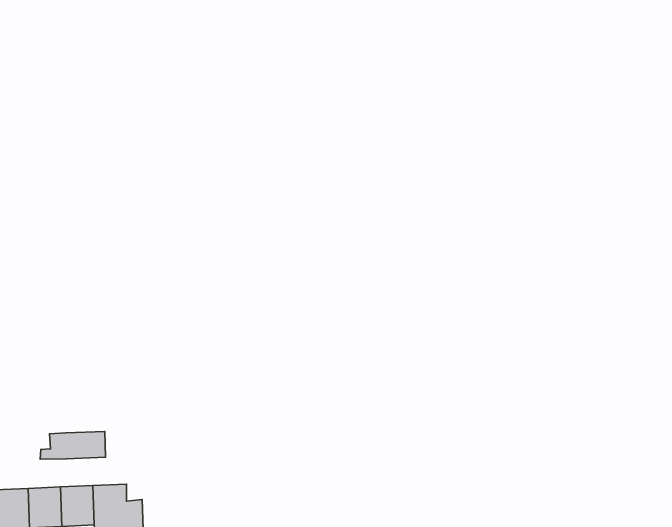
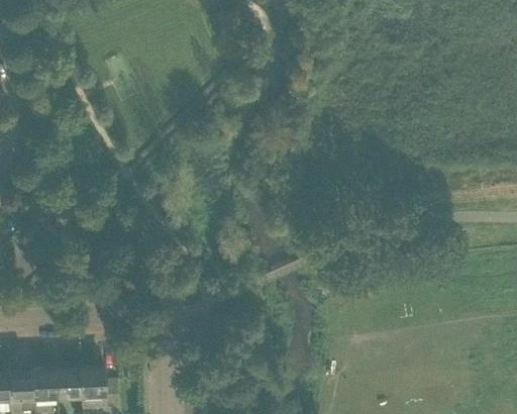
building: [40,432,105,459] -> none

